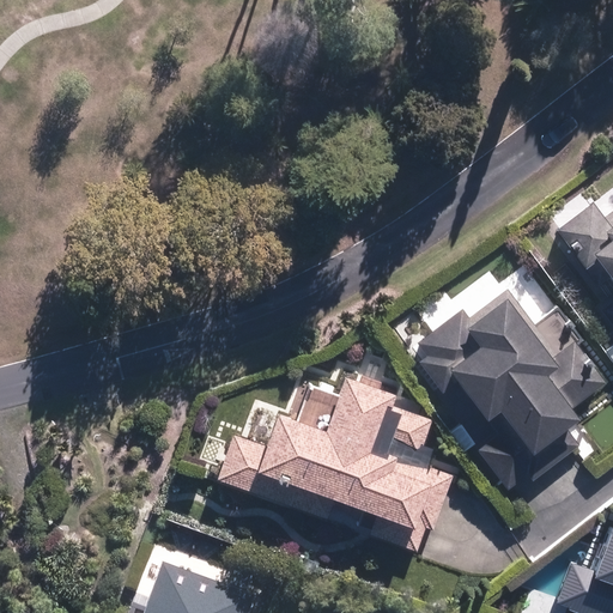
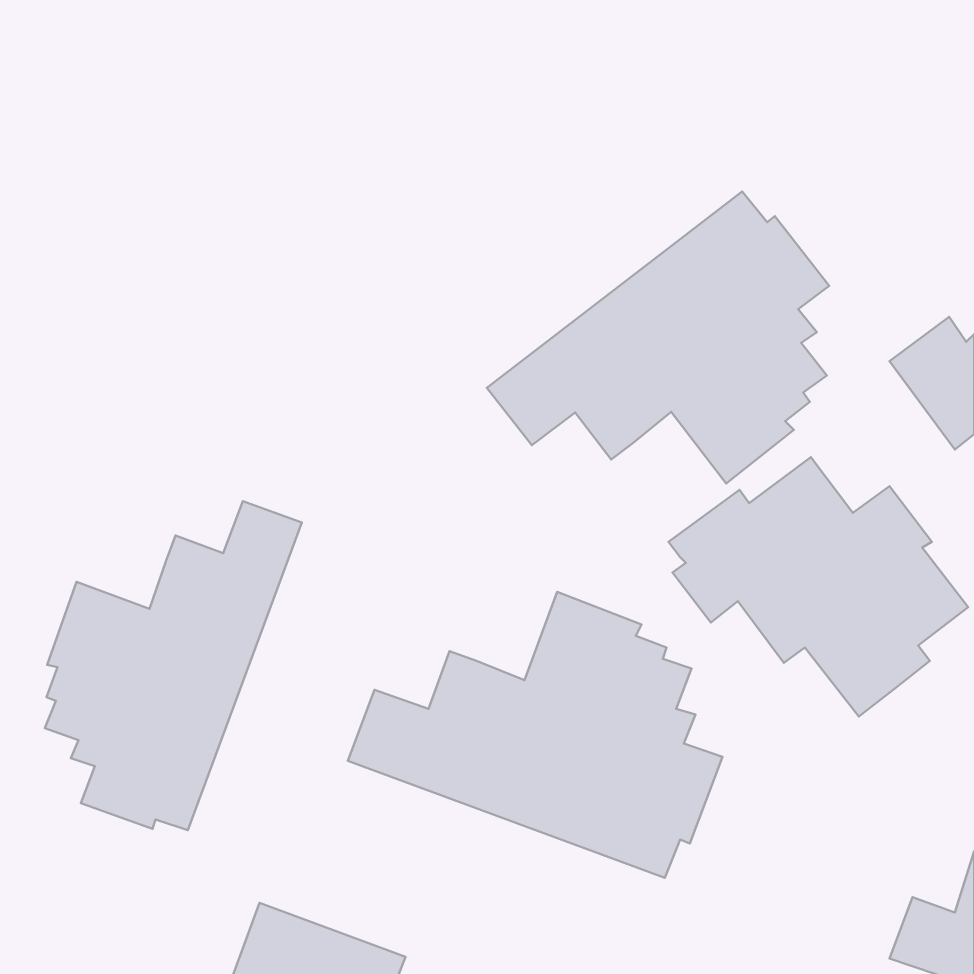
building: none -> [487,191,829,484]
building: none -> [45,501,302,830]

